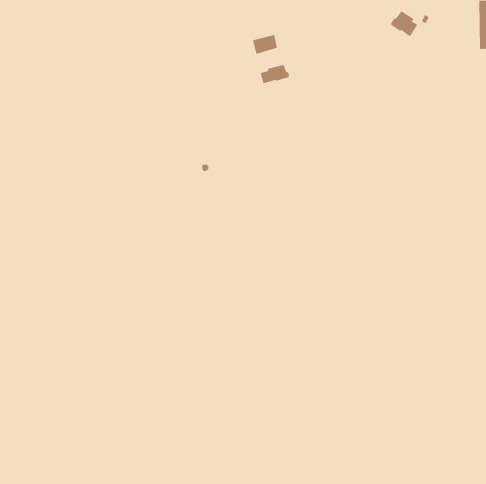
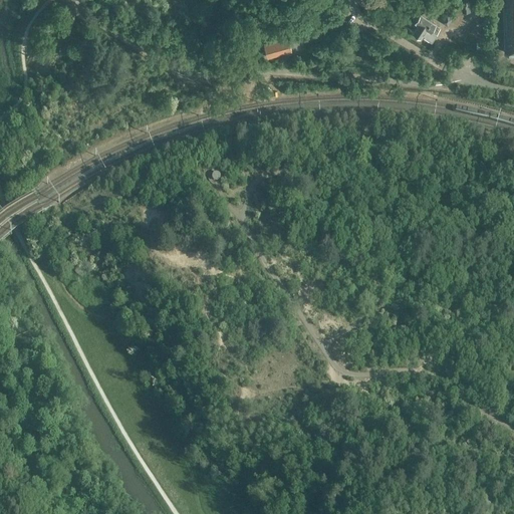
building: [260,64,289,84] -> none

